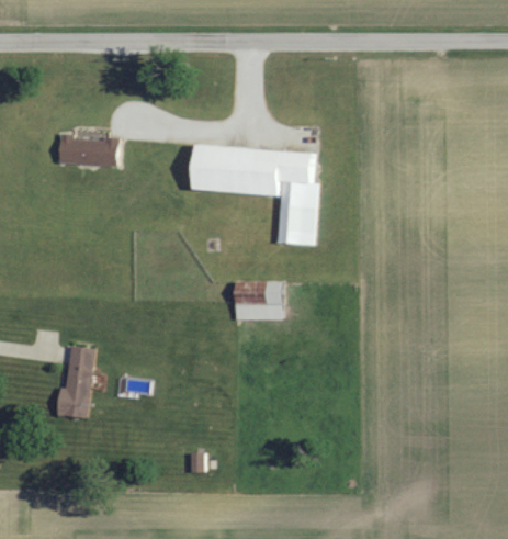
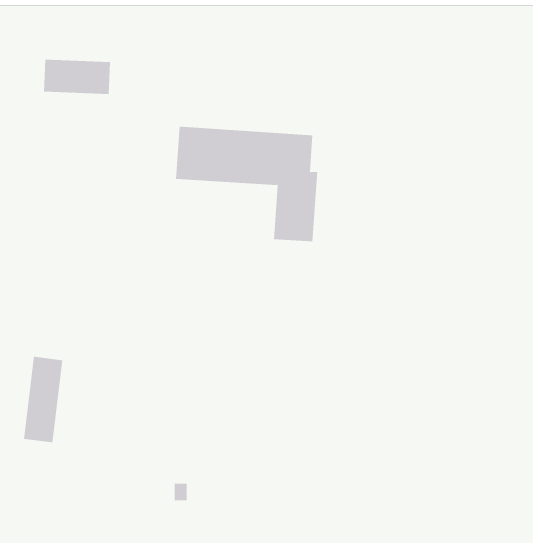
building: [59,135,118,166] -> [43,59,111,94]
building: [235,282,281,319] -> none

